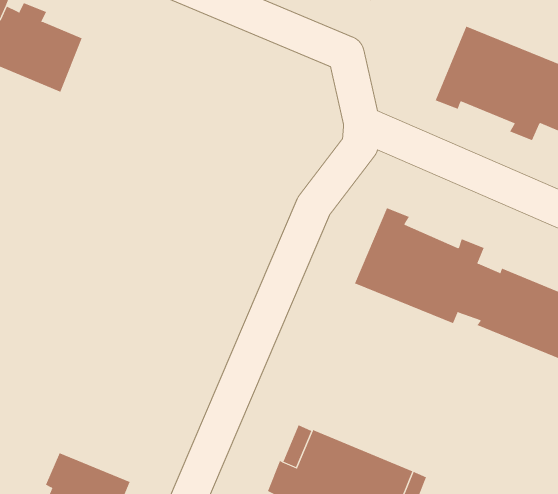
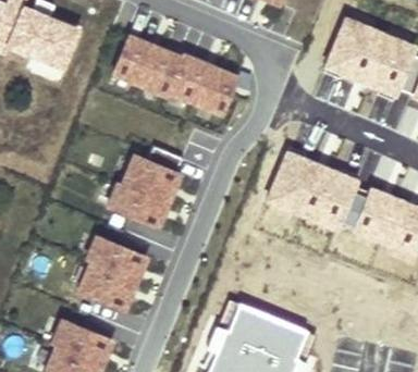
building: none -> [113,35,237,113]
building: none -> [108,145,184,225]
building: none -> [78,236,146,308]

